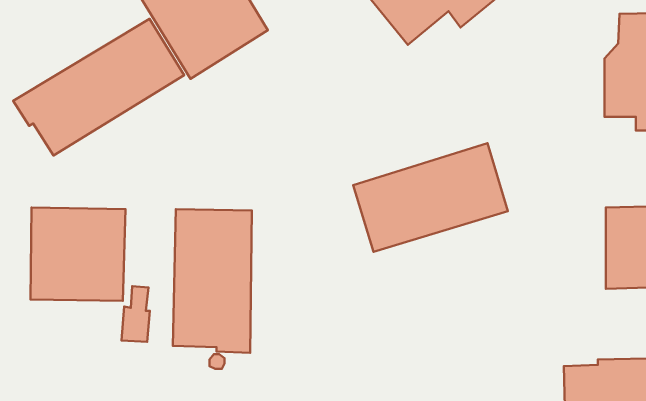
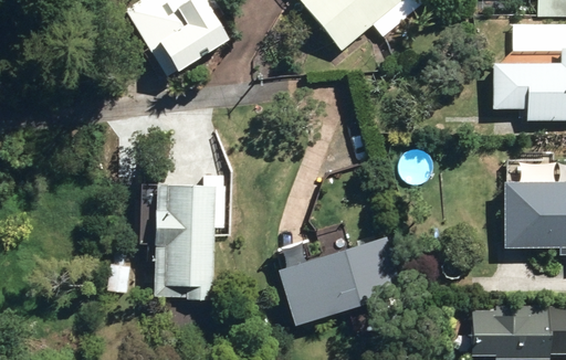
building: [13,19,184,155] -> none
building: [353,143,508,252] -> [277,236,403,325]
building: [30,208,125,301] -> none

